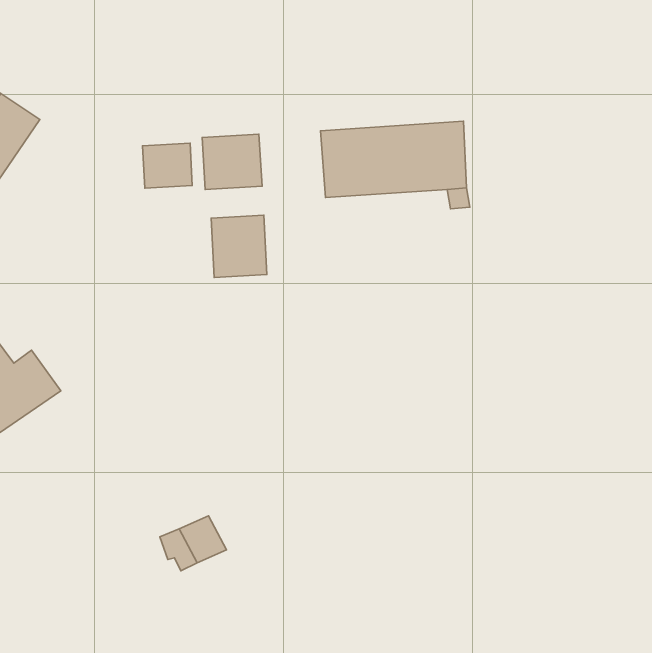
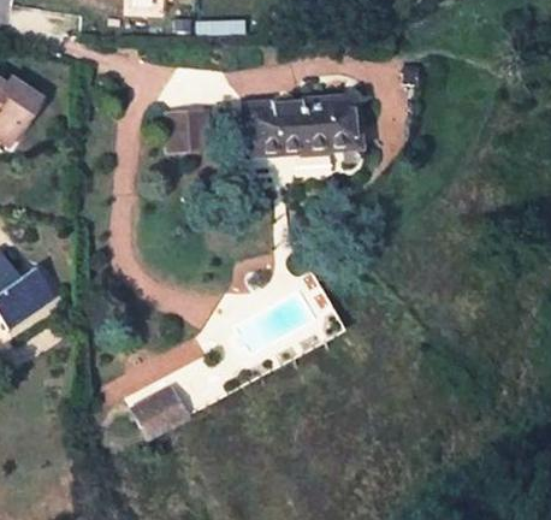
building: [143,143,192,188] -> none
building: [211,215,267,277] -> none

